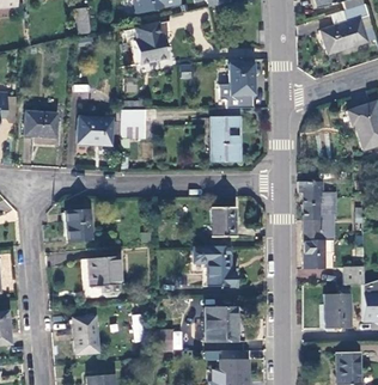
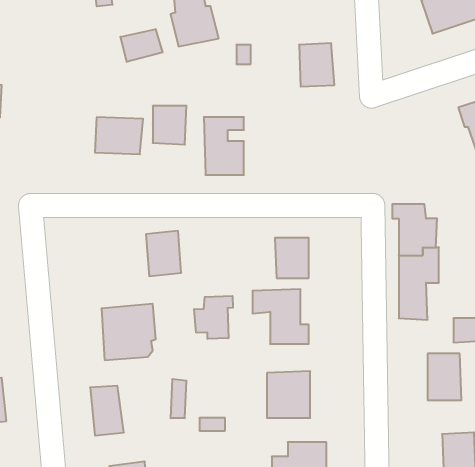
building: none -> [120,29,163,62]
building: [25,111,59,138] -> none
building: [212,117,242,160] -> [204,117,244,175]
building: [67,208,93,242] -> [146,231,181,276]
building: none -> [194,296,233,339]

